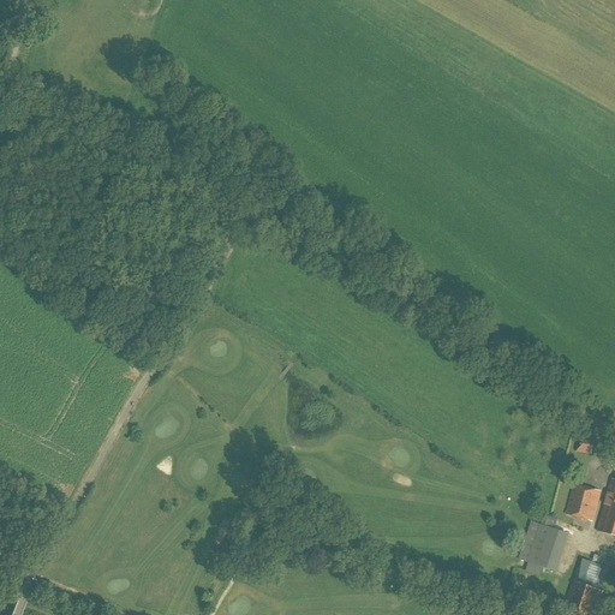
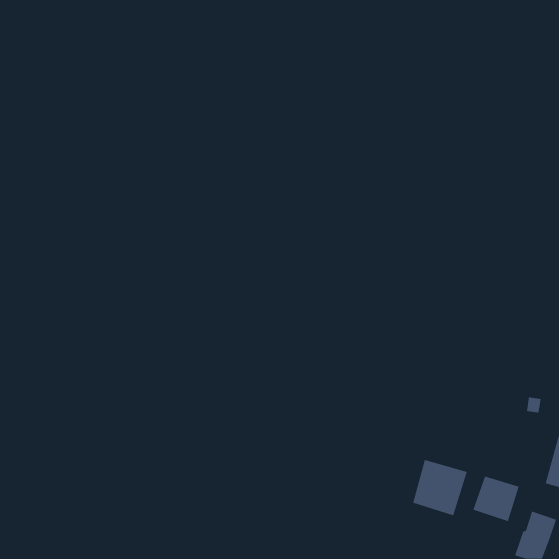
building: [566,483,602,521] -> none
building: none -> [413,459,467,516]

